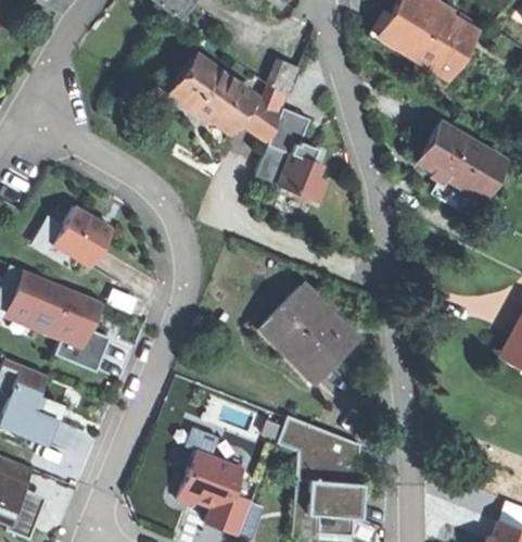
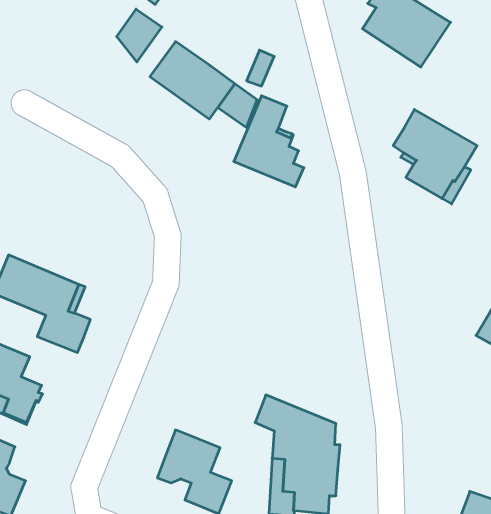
building: none -> [117,9,162,62]
building: [51,206,111,266] -> none
building: [268,286,355,379] -> none

